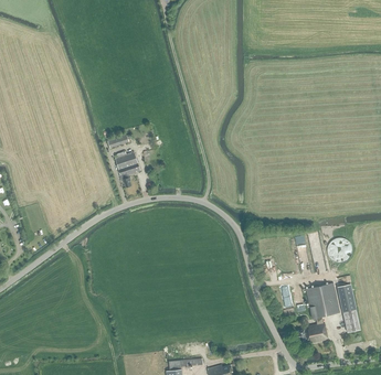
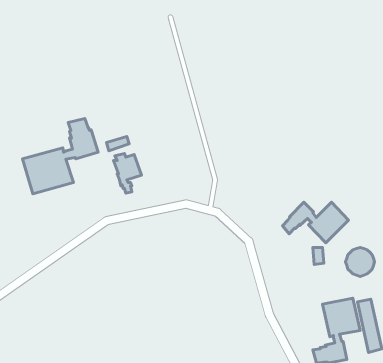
building: none -> [22,119,98,194]
building: none -> [283,202,349,243]

